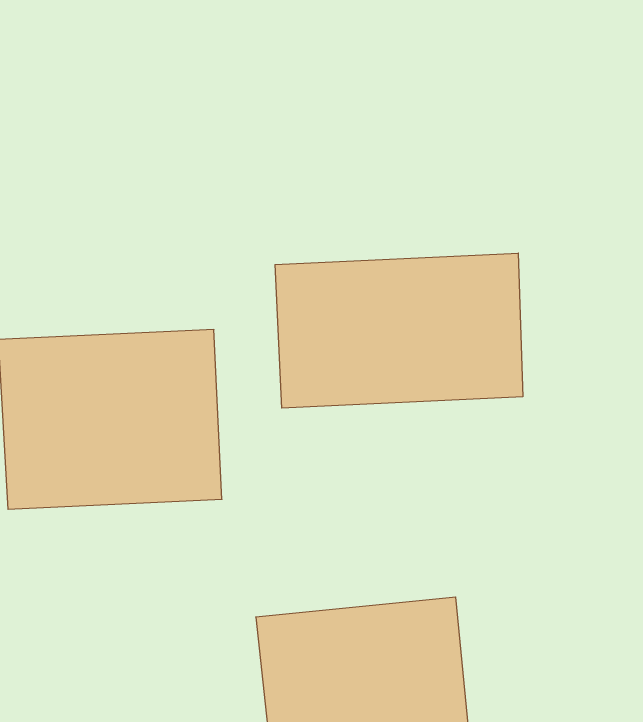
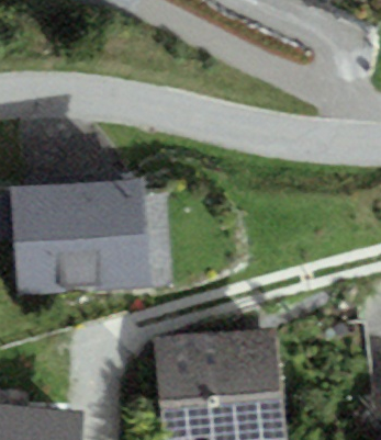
building: [275,253,523,408] -> none

